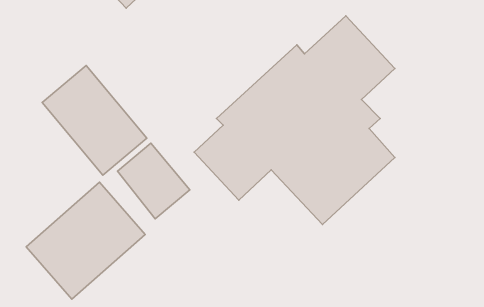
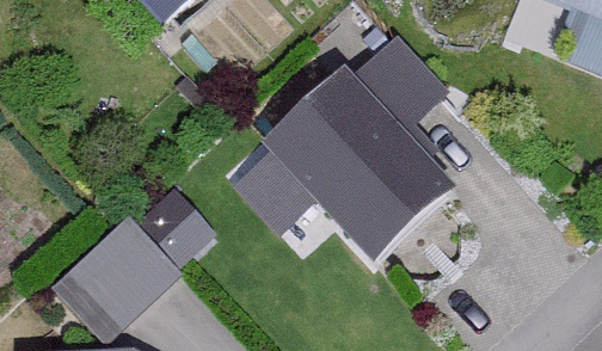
building: [42,65,147,175] -> none

